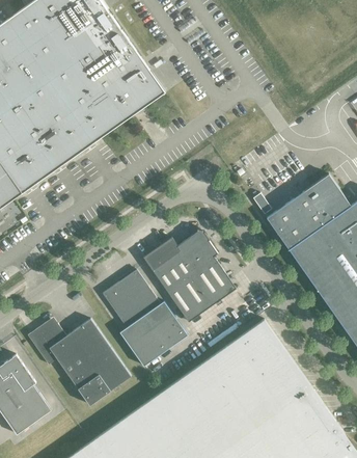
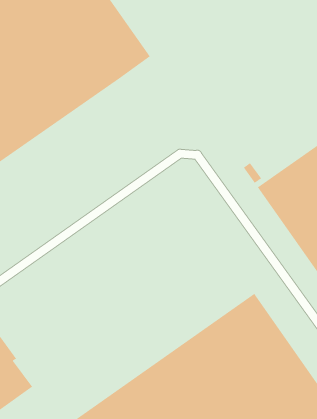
building: [143,230,236,321] -> none
building: [103,269,188,366] -> none
building: [28,317,131,405] -> none

